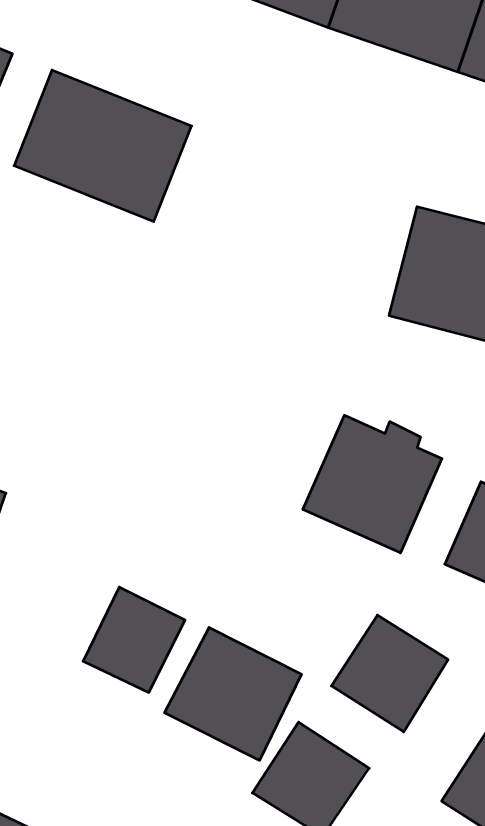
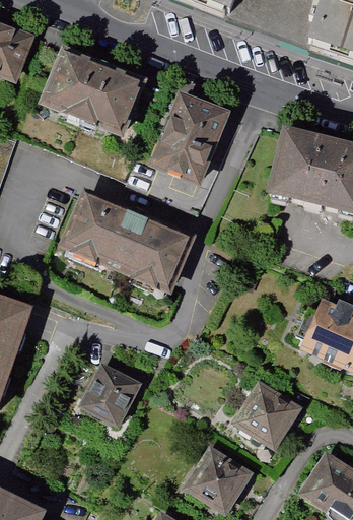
building: none -> [153,91,229,186]
building: none -> [61,191,195,295]
building: [303,415,442,553] -> none
building: [165,627,301,760] -> none

